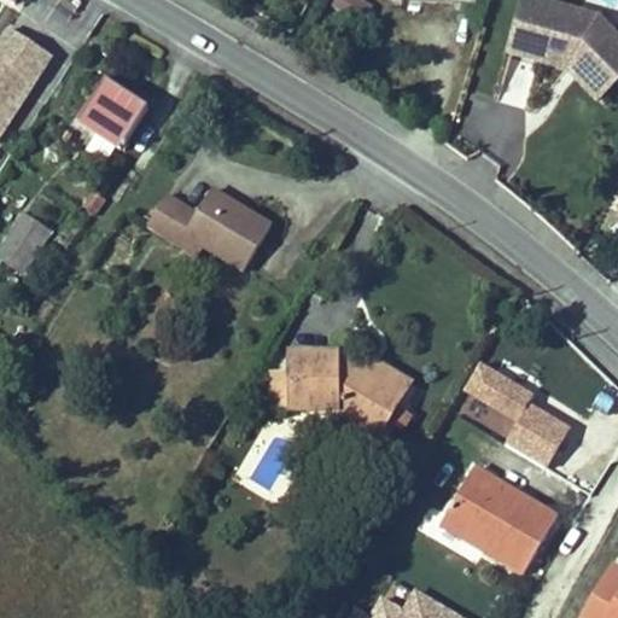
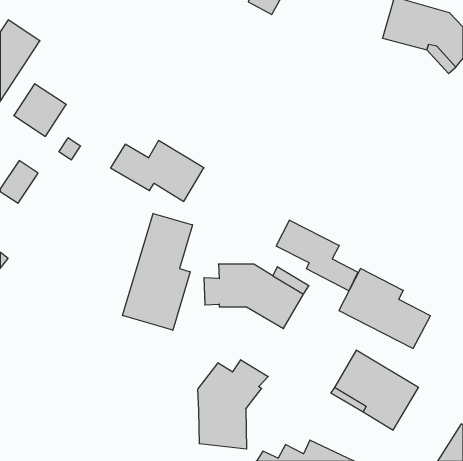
building: [78,78,148,148] -> [14,84,66,136]
building: none -> [123,213,193,330]
building: none -> [276,220,358,291]
building: none -> [198,360,268,449]

